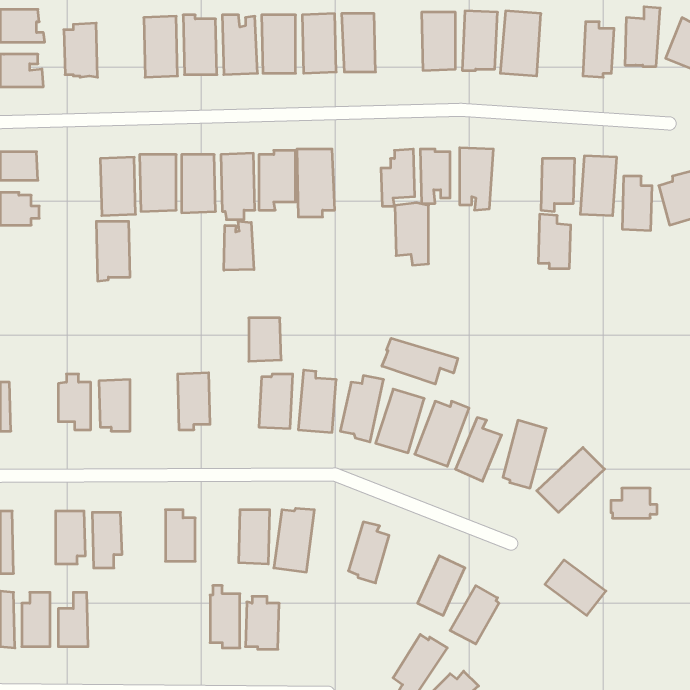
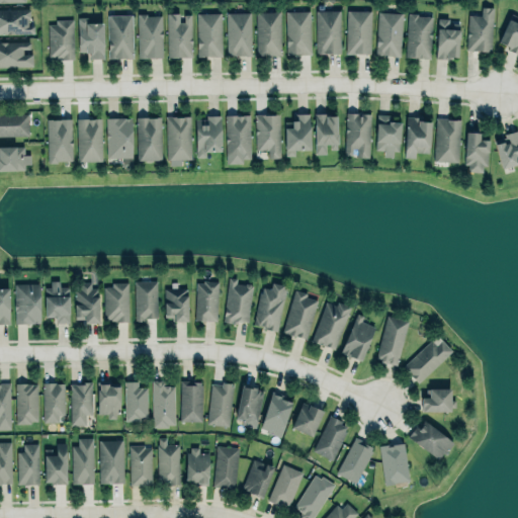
building: none -> [286,11,313,56]
building: none -> [407,15,433,60]
building: none -> [79,17,104,59]
building: [395,203,429,265] -> [254,112,279,159]
building: [538,214,571,268] -> [376,115,401,156]
building: [224,221,254,270] -> none
building: [96,221,130,281] -> [49,119,74,164]
building: [249,318,281,361] -> [165,289,189,322]
building: [382,338,458,384] -> none
building: none -> [14,283,44,325]
building: none -> [105,283,131,323]
building: [611,488,657,518] -> [423,388,457,411]
building: none -> [153,381,176,428]
building: none -> [235,382,265,424]
building: none -> [16,383,39,425]
building: none -> [98,386,120,420]
building: none -> [292,404,323,437]
building: none -> [73,438,95,485]
building: none -> [99,441,124,485]
building: none -> [380,443,411,486]
building: none -> [213,446,240,489]
building: none -> [131,447,153,487]
building: none -> [243,460,274,498]
building: none -> [269,464,304,506]

